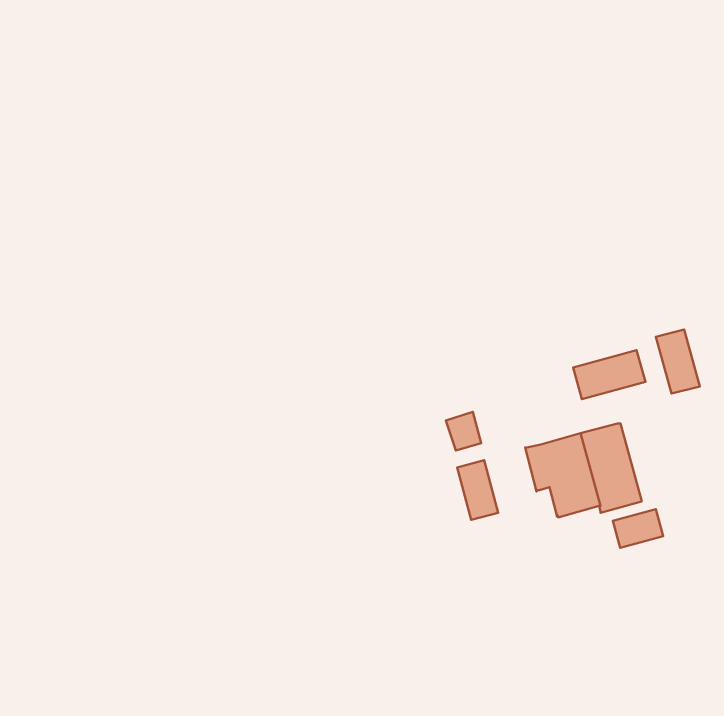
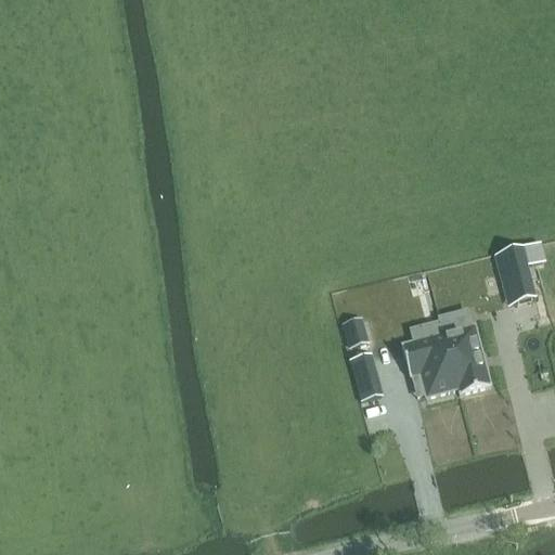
building: [573,350,645,399] -> none
building: [613,509,663,548] -> none

